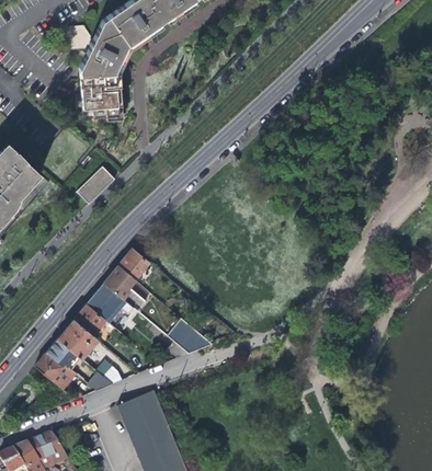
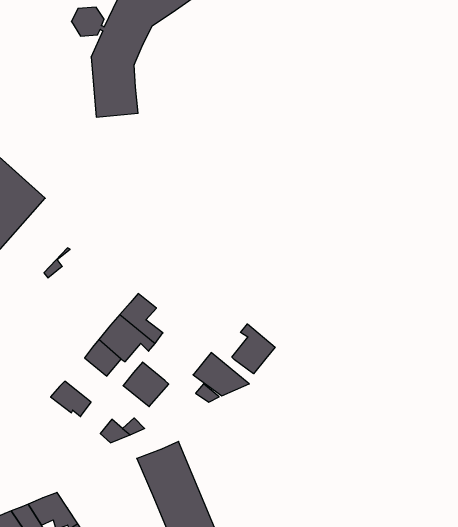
building: [71,161,112,202] -> none
building: [120,250,149,279] -> none
building: none -> [232,324,275,374]
building: [58,321,96,358] -> [123,362,169,407]
building: [36,354,77,390] -> none

